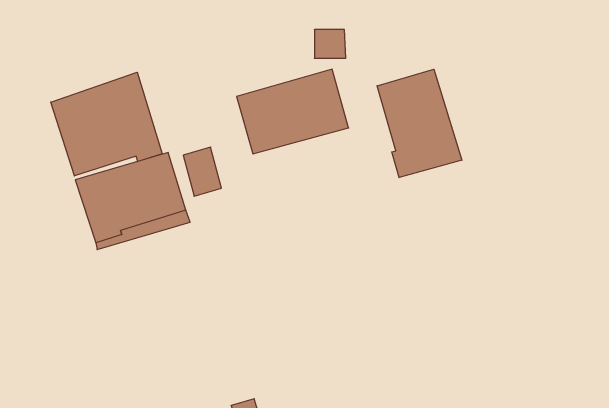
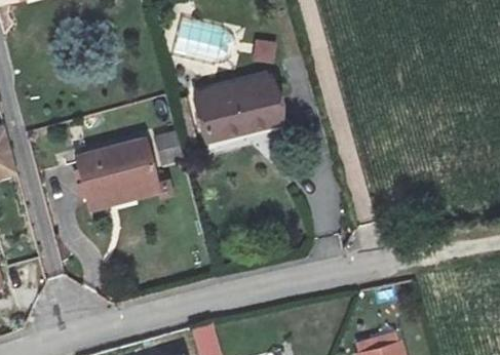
building: [377,69,462,178] -> none
building: [51,72,162,176] -> none

